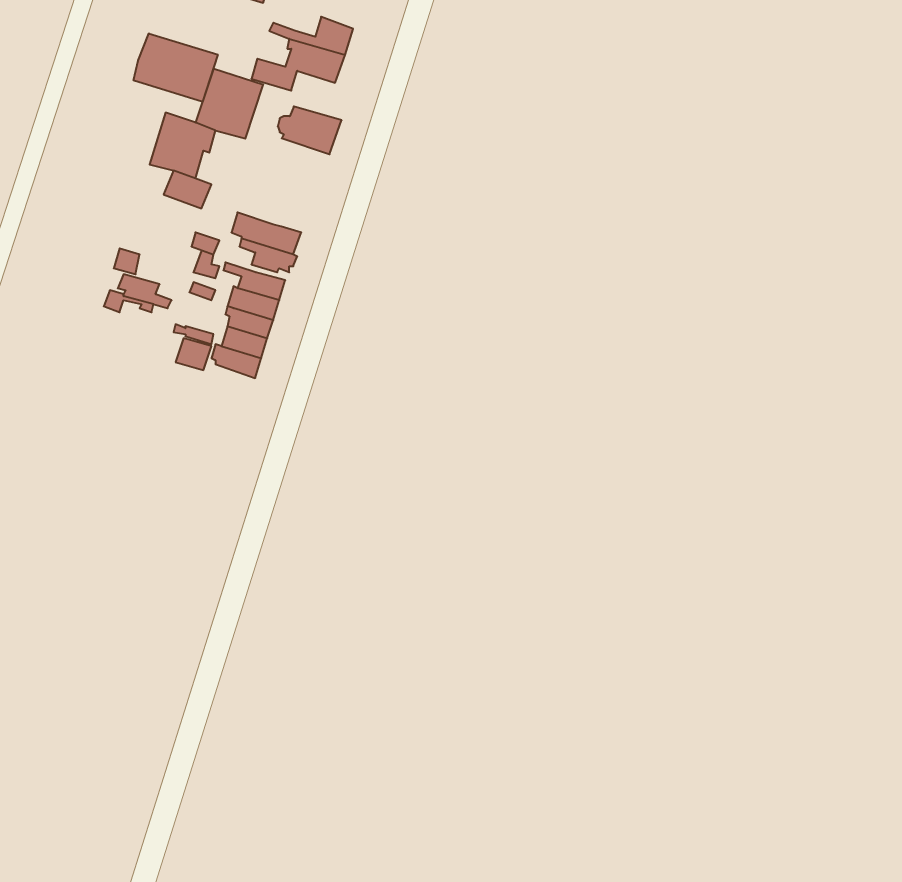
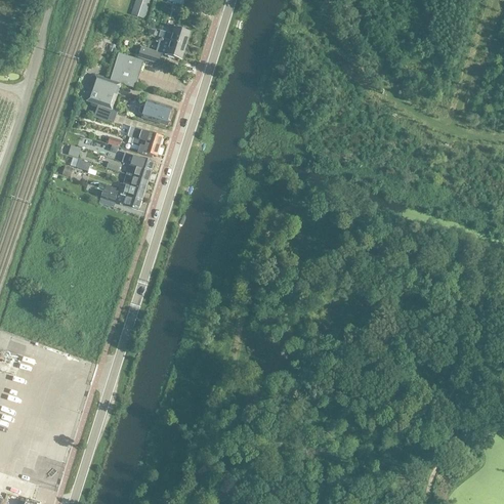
building: [134,33,218,102] -> none
building: [278,106,342,154] -> [137,99,170,124]

